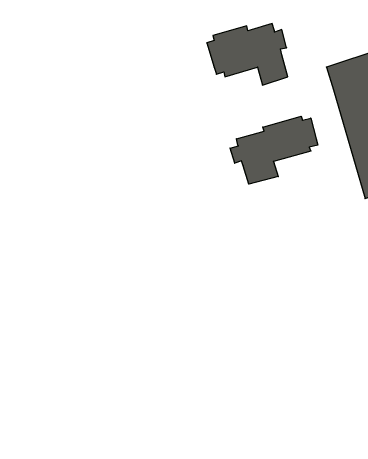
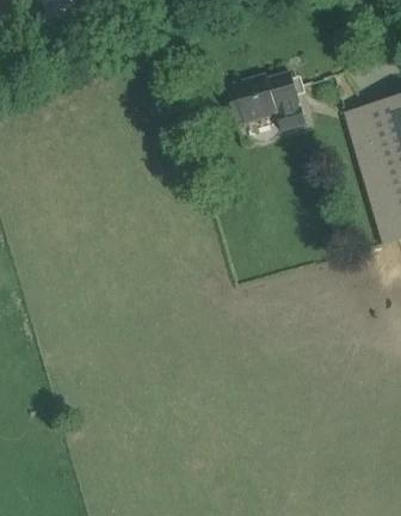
building: [230,116,318,184] -> none

